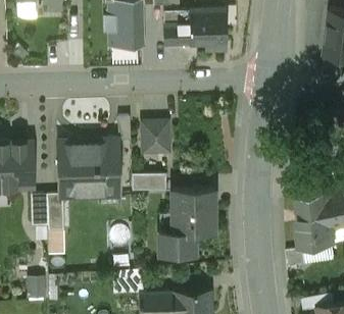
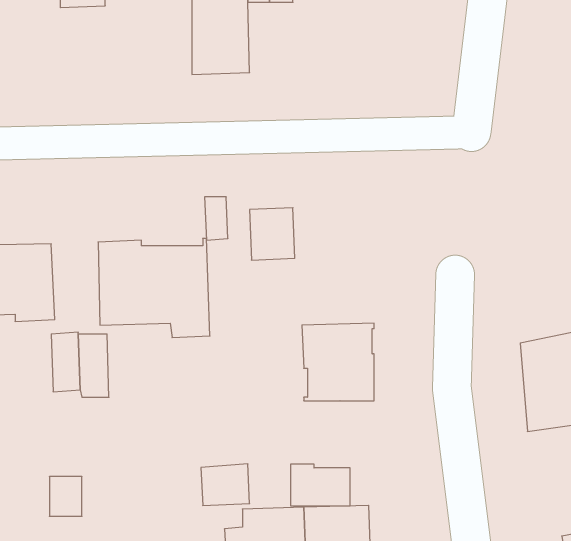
building: [164,9,226,45] -> none
building: [132,173,166,190] -> none
building: [160,229,194,253] -> [291,464,350,506]

